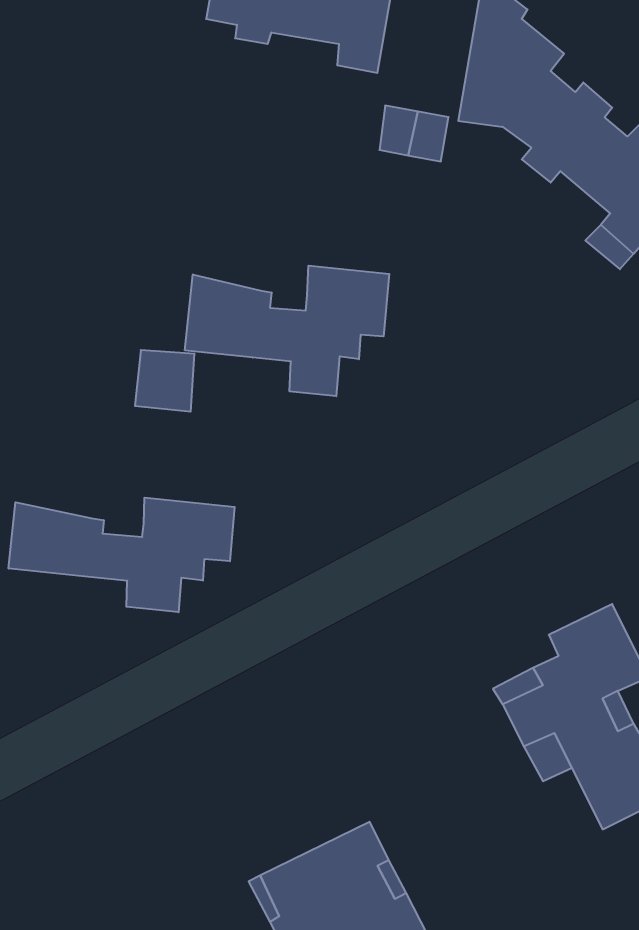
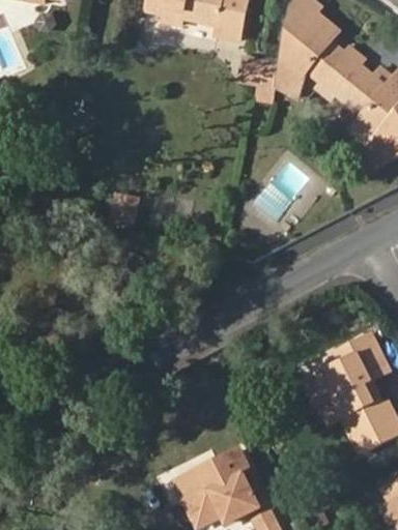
building: [185,266,389,396] -> none
building: [9,498,235,612] -> none

